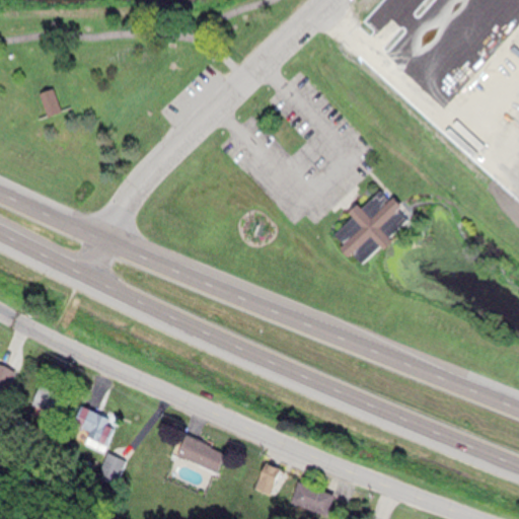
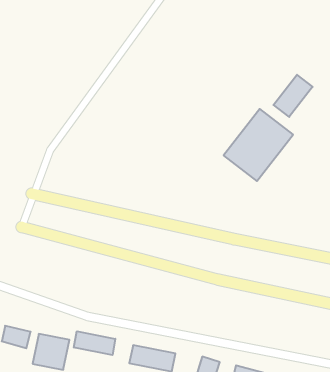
building: none -> [273,75,313,117]
building: none -> [74,331,115,355]

